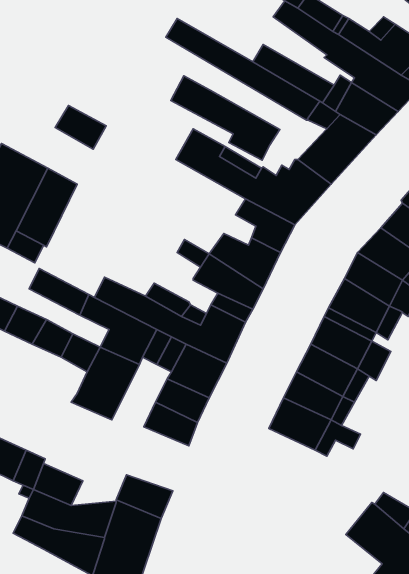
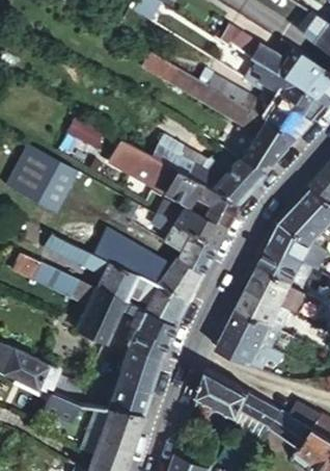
building: [171,76,280,160] -> [122,146,200,206]
building: none -> [115,347,160,393]
building: none -> [196,368,291,430]

